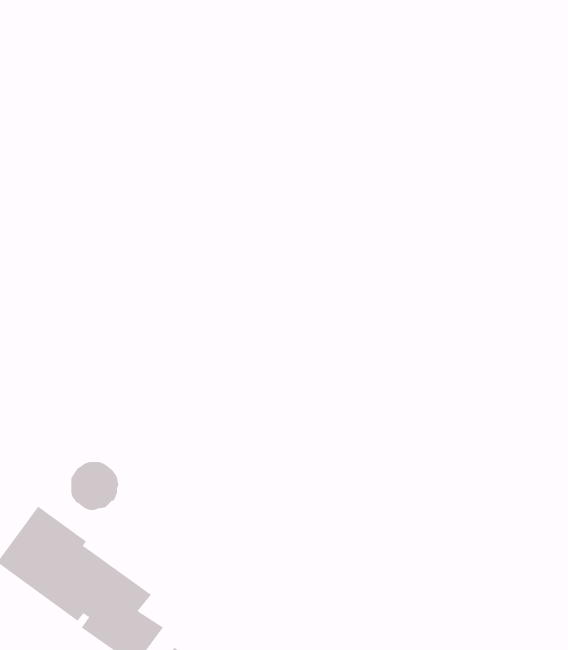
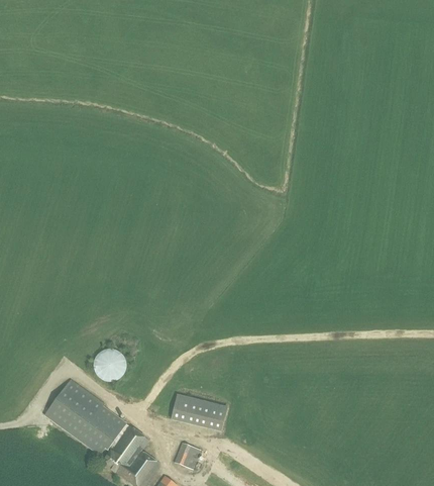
building: none -> [171,393,228,430]
building: none -> [175,442,201,468]

